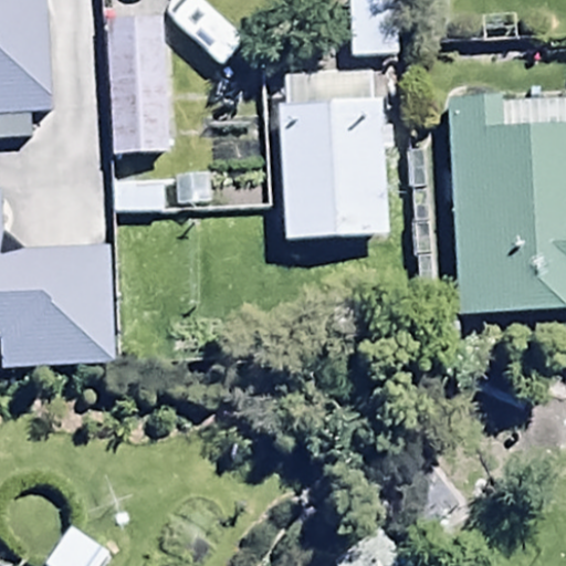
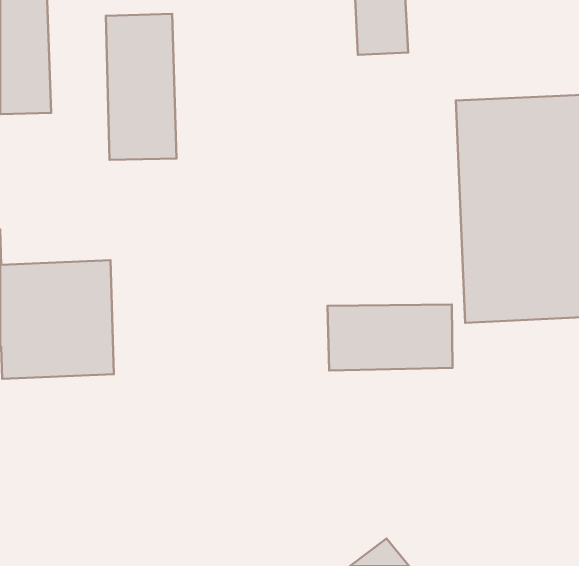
building: [277,62,386,238] -> none
building: none -> [327,304,452,370]

